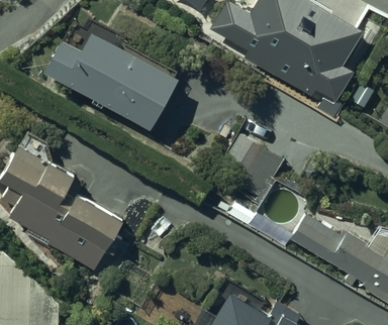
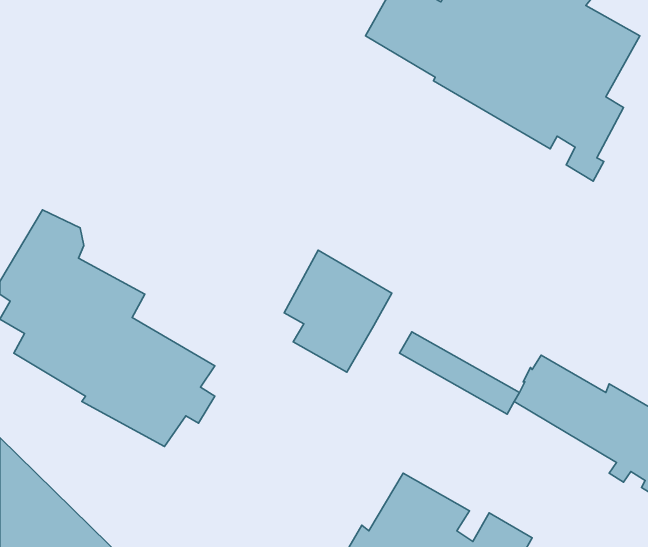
building: [42,35,178,132] -> none
building: [222,134,283,203] -> [284,250,392,372]

